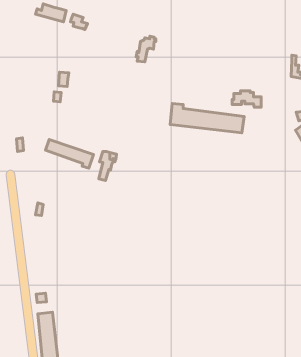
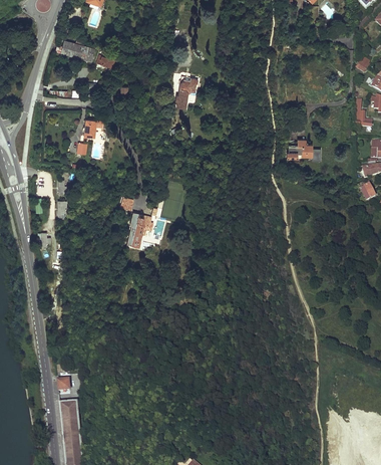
building: [170,103,244,133] -> none
building: [45,140,94,168] -> none

